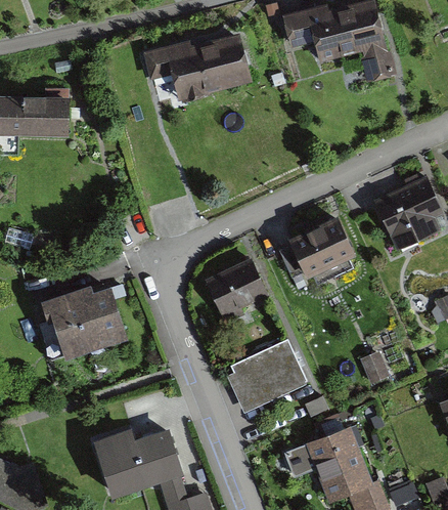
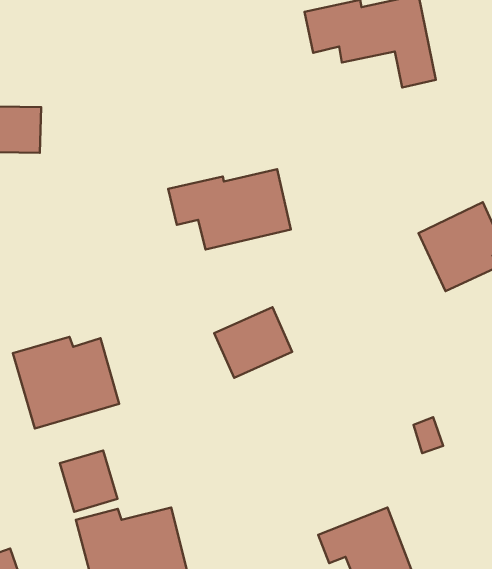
building: [145,35,247,101] -> [168,169,291,249]
building: [285,215,352,274] -> none
building: [227,340,309,414] -> none
building: none -> [60,450,117,512]

